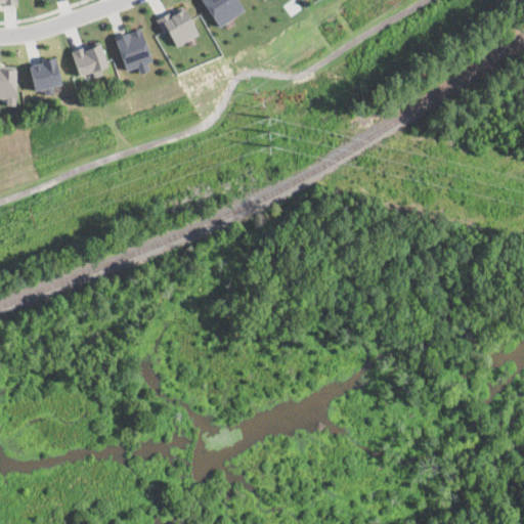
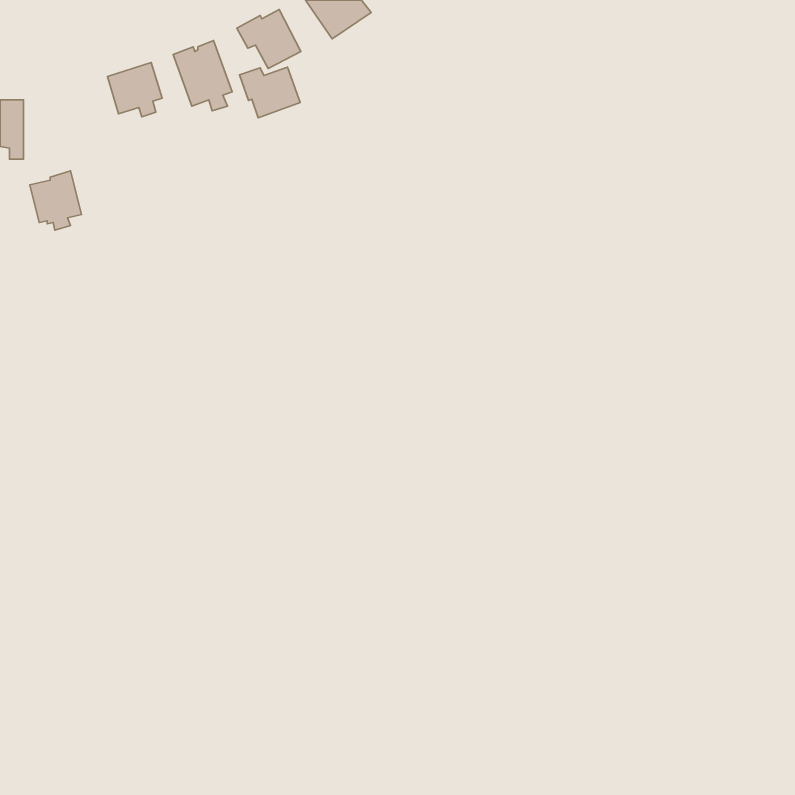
building: none -> [240,67,300,118]
building: [29,56,62,95] -> [30,171,81,230]

